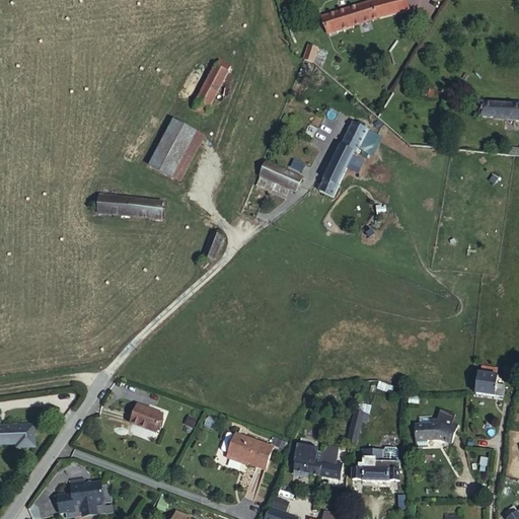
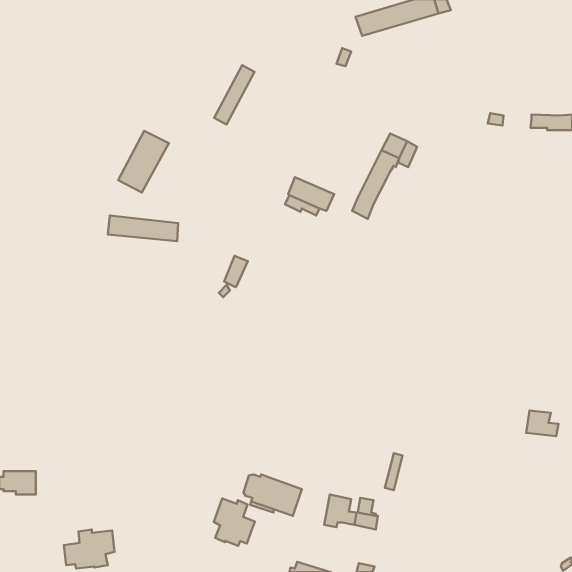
building: [150,120,196,175] -> [118,131,169,193]
building: [131,402,164,431] -> none
building: [416,406,458,444] -> none
building: [352,447,399,480] -> none
building: none -> [214,499,255,546]

